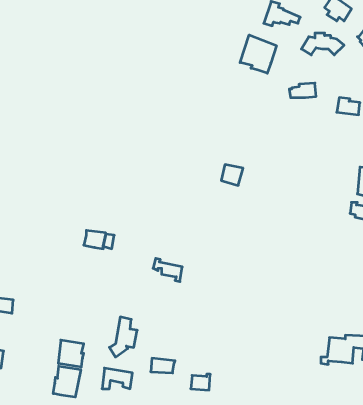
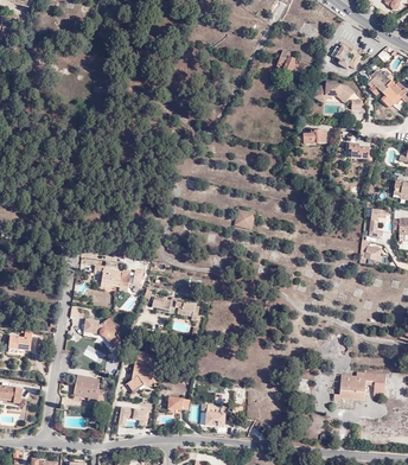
building: [240,35,276,73] -> none
building: none -> [82,321,119,350]
building: [53,366,81,397] -> none

